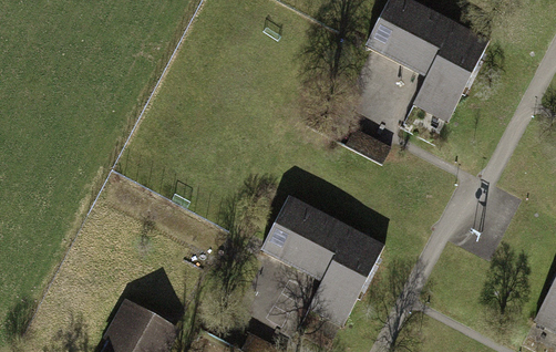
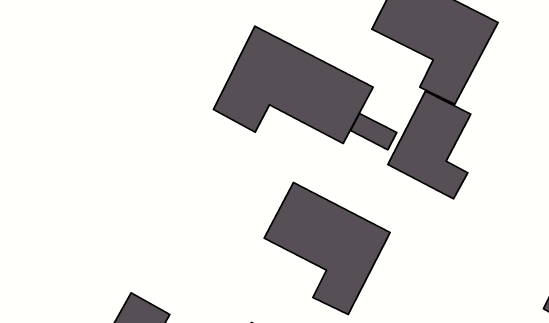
building: none -> [214,26,373,144]
building: none -> [388,91,471,199]

